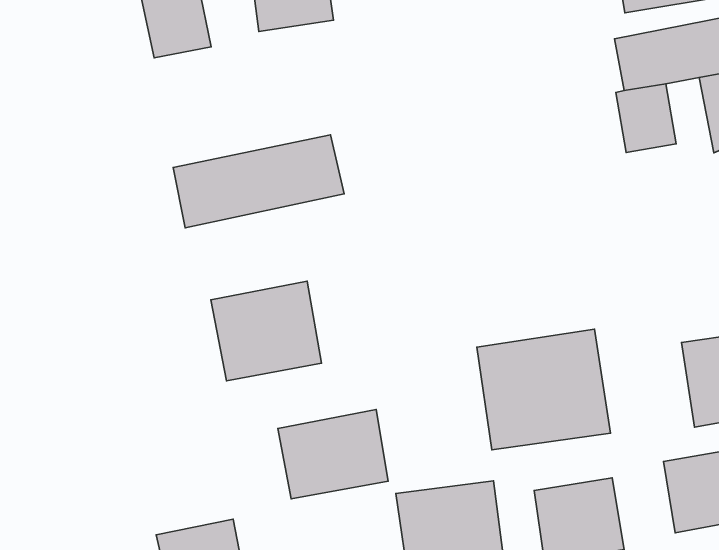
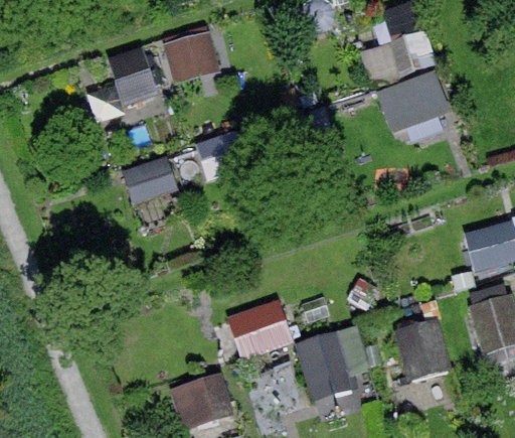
building: [211,281,322,381] -> none
building: [477,329,610,450] -> none

